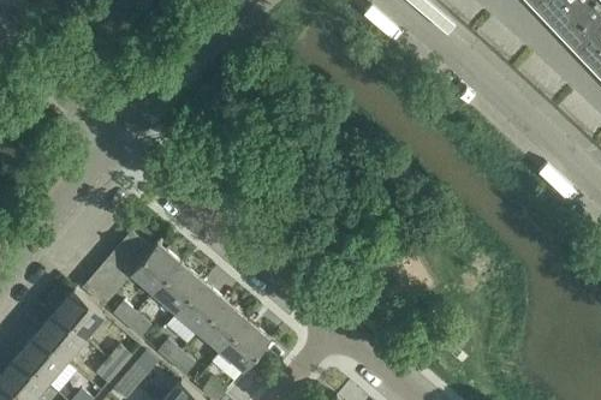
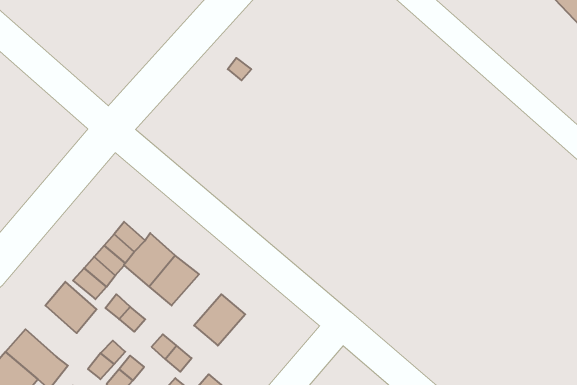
building: [163,282,224,345] -> none
building: [35,312,84,362] -> none
building: [220,321,269,371] -> none

